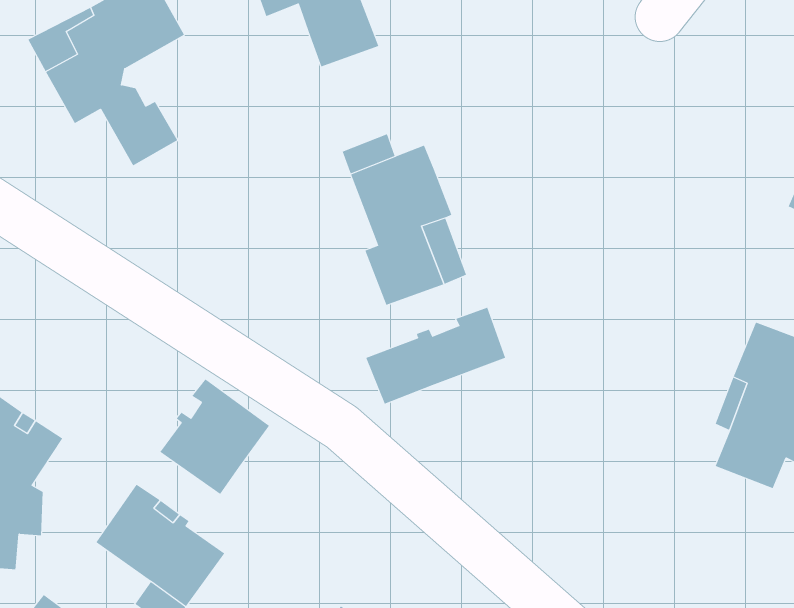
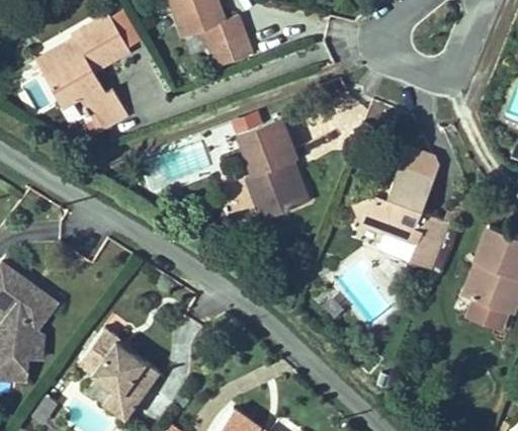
building: none -> [351,144,456,275]
building: [366,307,506,405] -> none
building: [160,379,270,495] -> none

